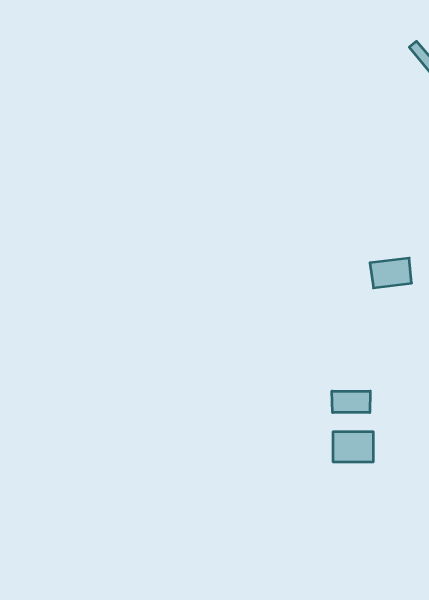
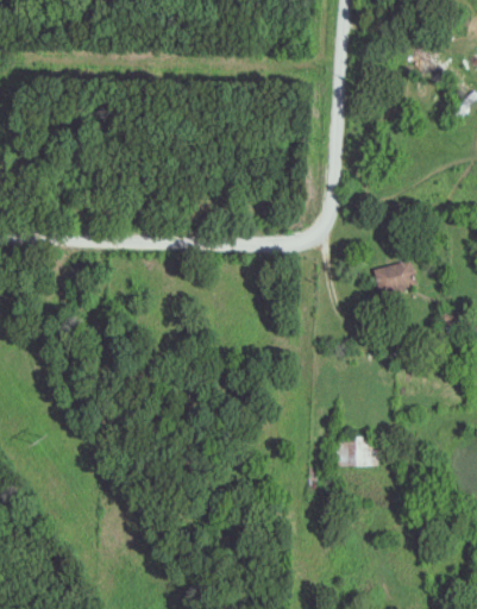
building: [332,391,370,413] -> none

